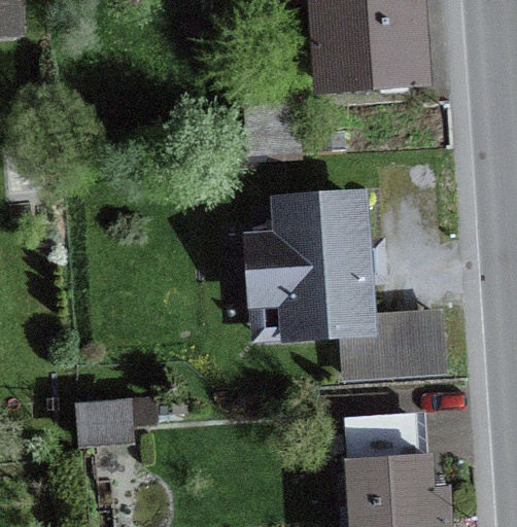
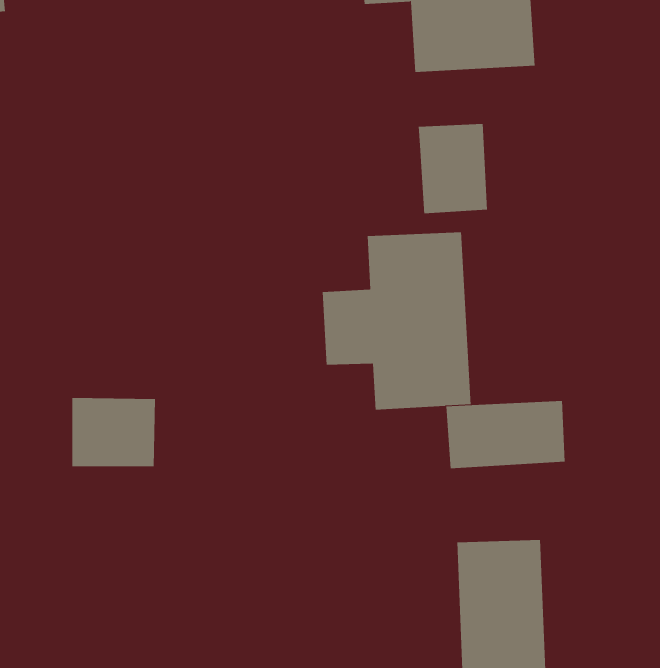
building: none -> [418,123,487,214]
building: [81,400,145,453] -> [71,397,156,467]

